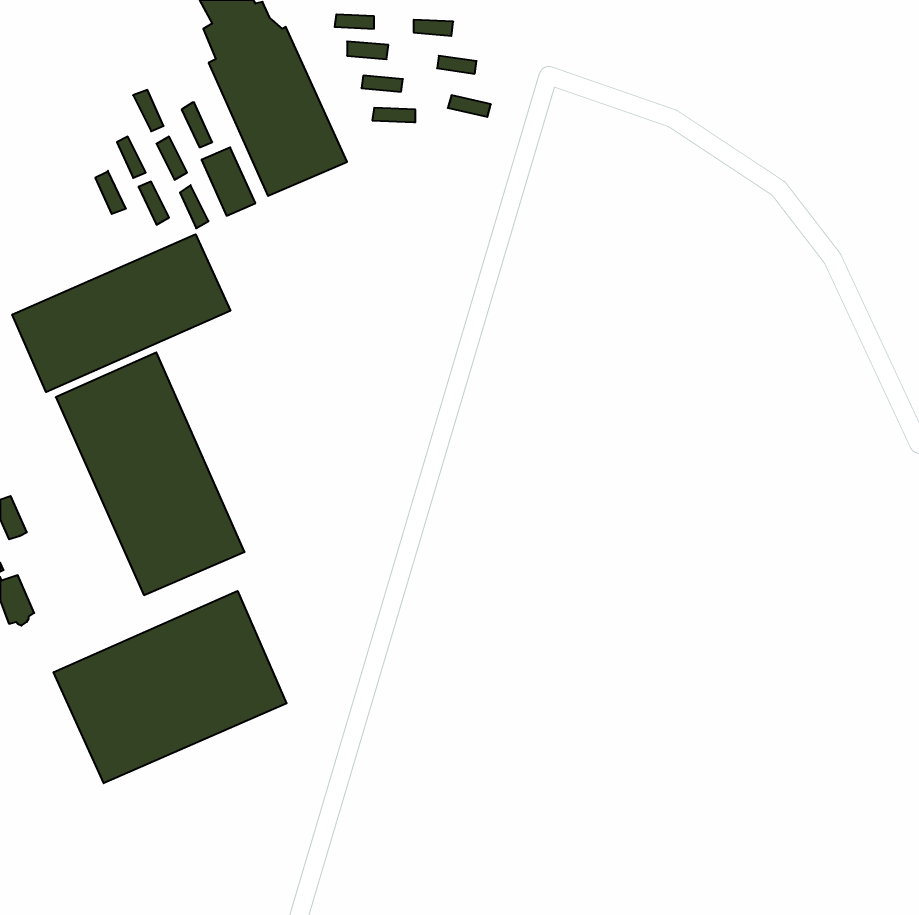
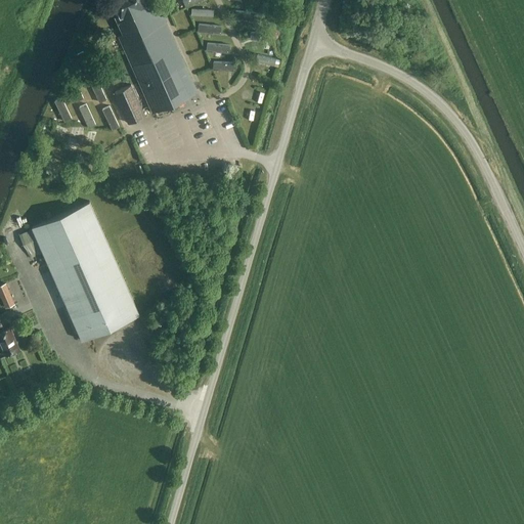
building: [12,234,230,392] -> none
building: [54,591,287,783] -> none

